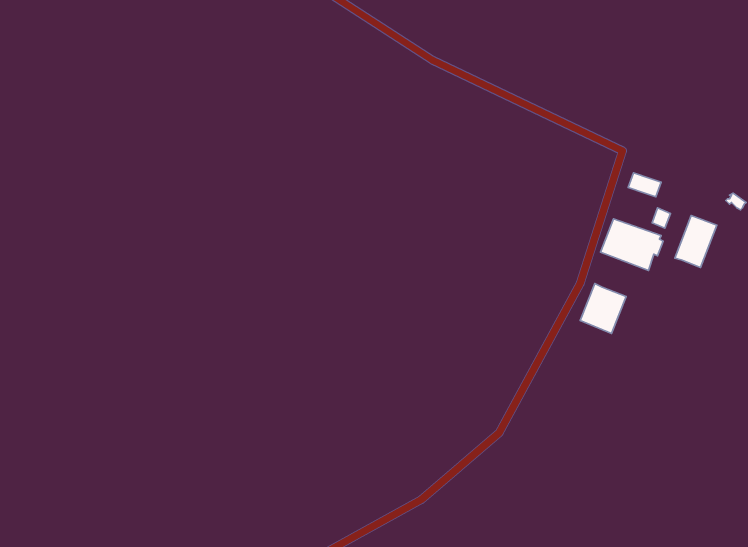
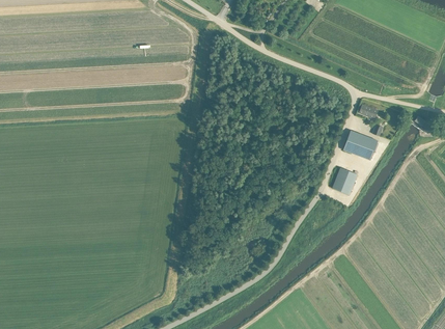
building: [675,216,717,267] -> none

